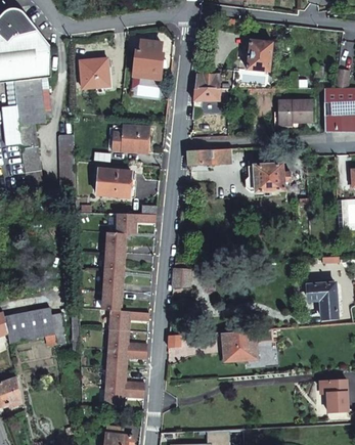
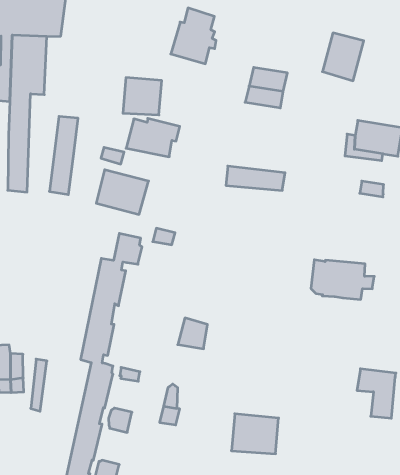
building: [79,57,107,86] -> [123,78,162,115]
building: [245,164,291,192] -> [311,260,374,299]

